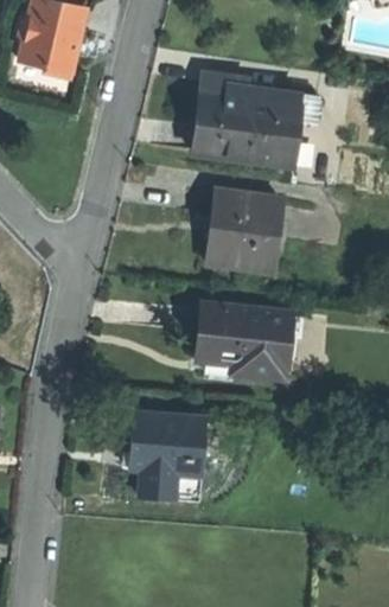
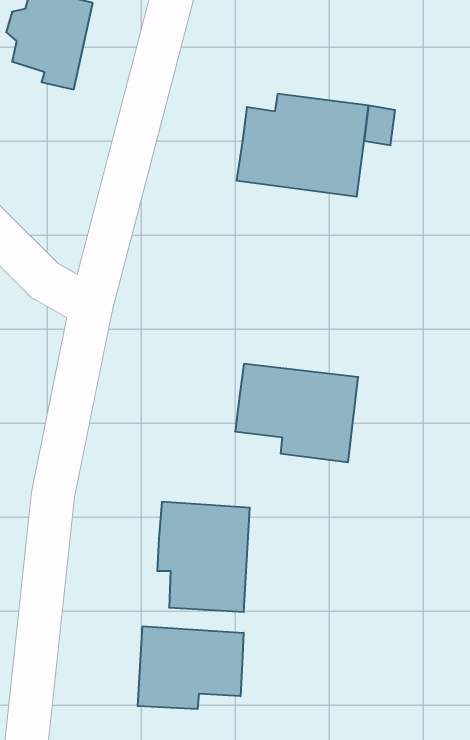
building: [209,189,281,270] -> none
building: none -> [138,626,244,709]

